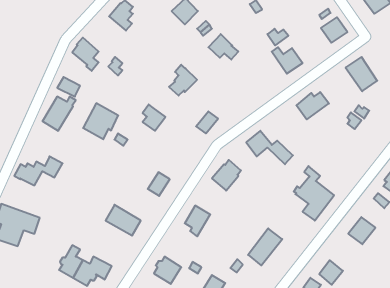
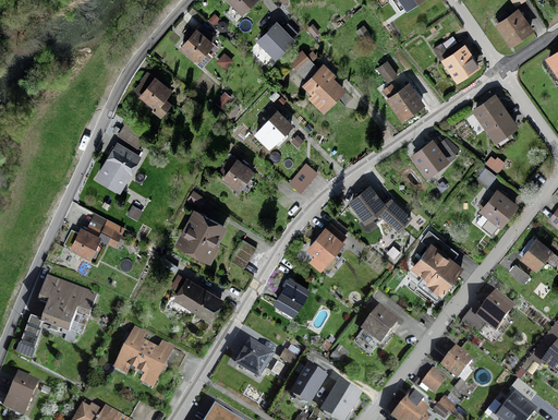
building: [83,103,118,139] -> [179,211,222,255]
building: none -> [482,191,513,224]

